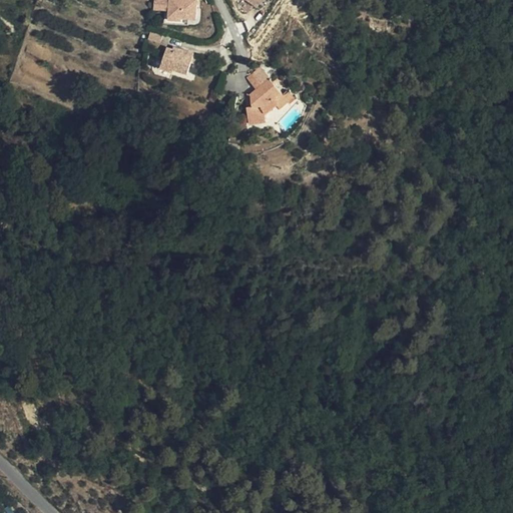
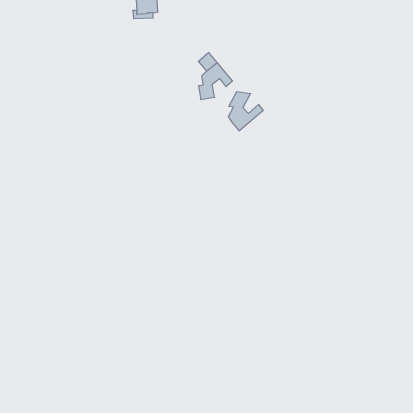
building: [159,51,193,76] -> none
building: none -> [228,92,263,131]

